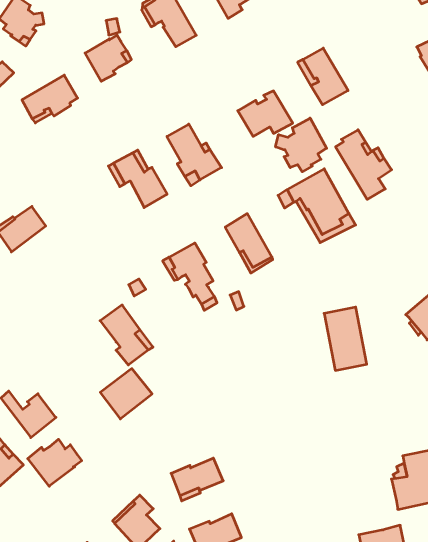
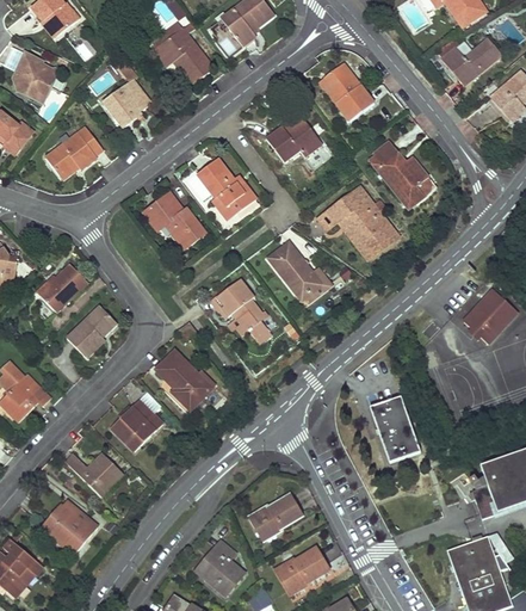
building: [276,118,327,172] -> none
building: none -> [67,306,117,358]
building: [324,307,367,370] -> [370,395,420,462]
building: [100,369,152,419] -> [110,400,162,452]
building: [28,439,82,486] -> none

